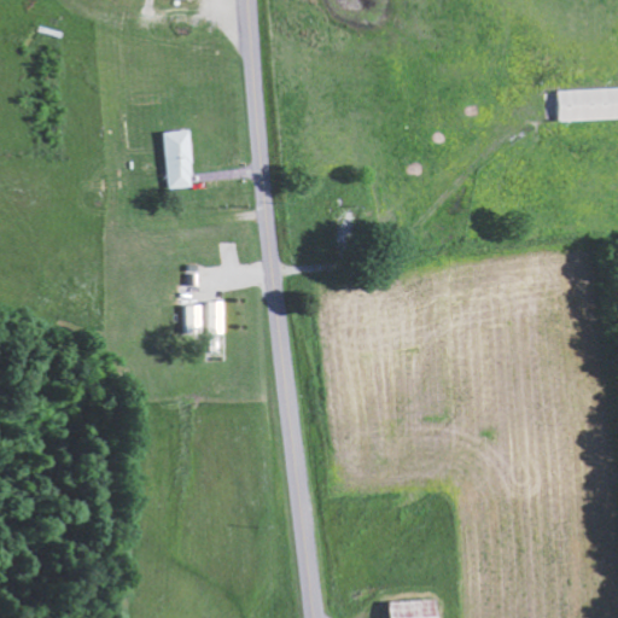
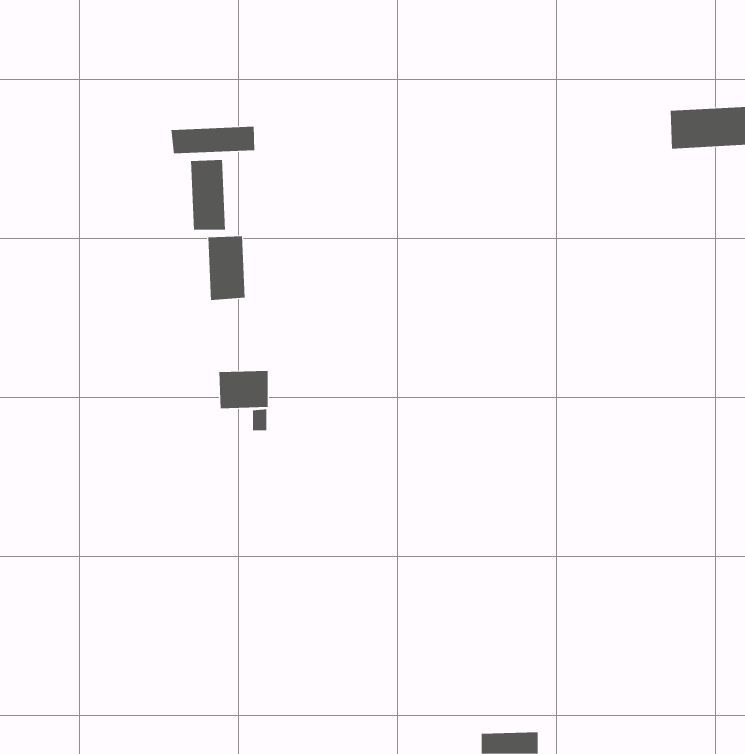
building: none -> [171,126,255,154]
building: none -> [208,235,245,301]

